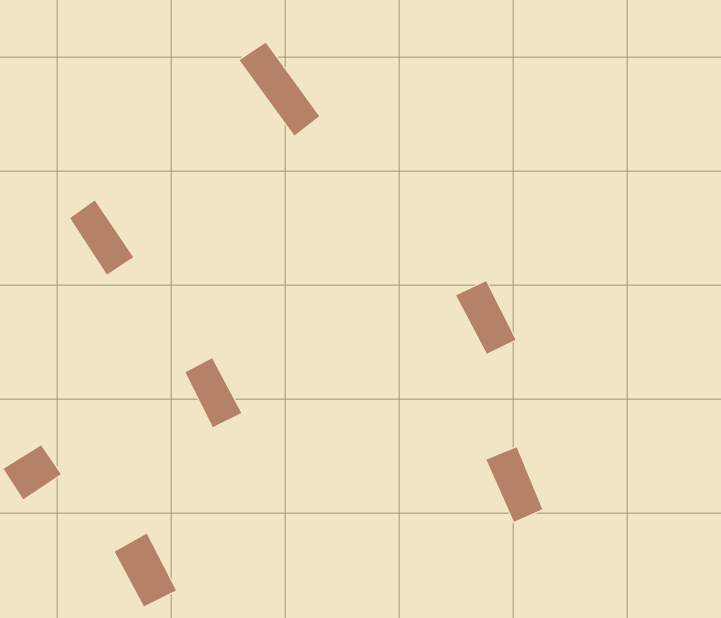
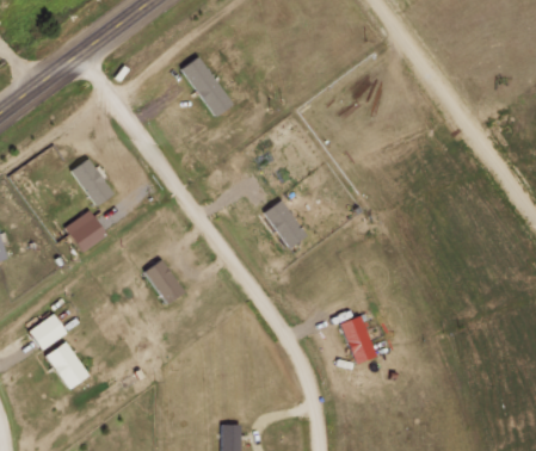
building: [455,280,516,355] -> [265,200,304,248]
building: none -> [66,211,106,252]
building: [114,533,177,607] -> [45,341,86,389]

